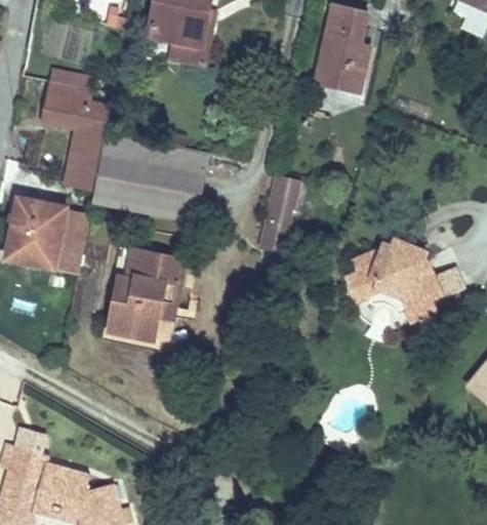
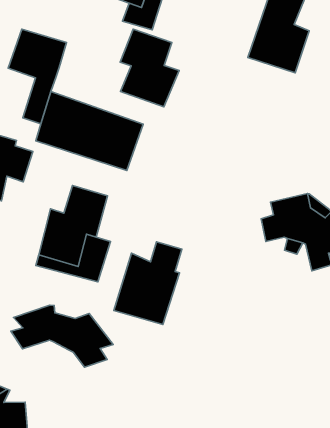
building: none -> [120,29,179,107]
building: [265,173,306,251] -> none
building: none -> [114,242,182,324]
building: none -> [11,305,113,367]

